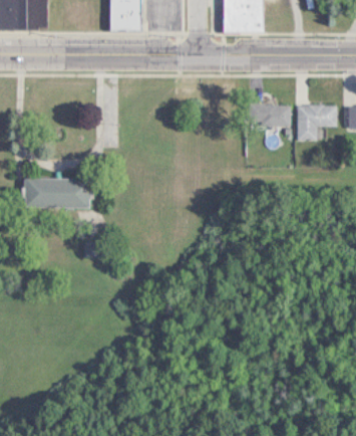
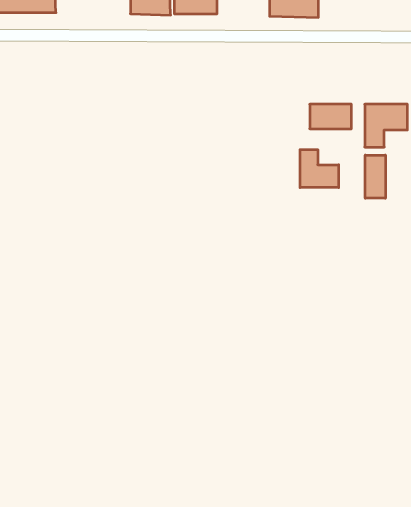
building: none -> [300,150,339,188]
building: none -> [365,155,385,198]
building: [23,178,88,208] -> none

